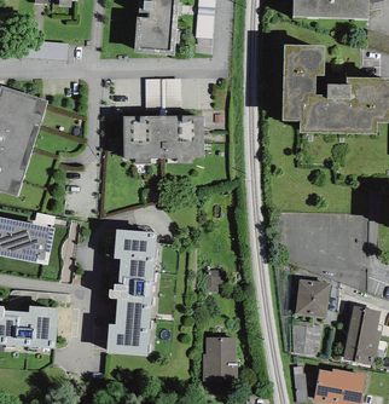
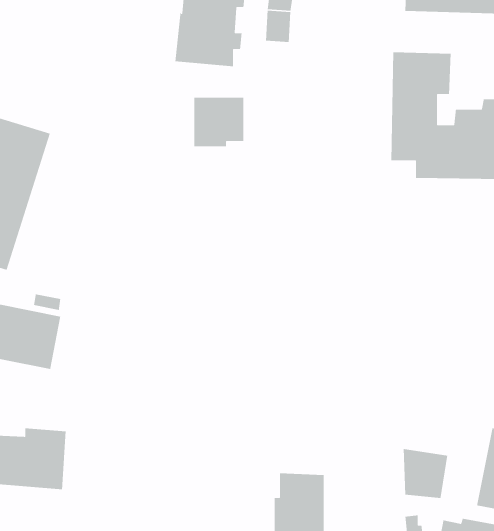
building: [123,115,204,163] -> none
building: [105,229,156,356] -> none
building: [295,279,330,317] -> none

